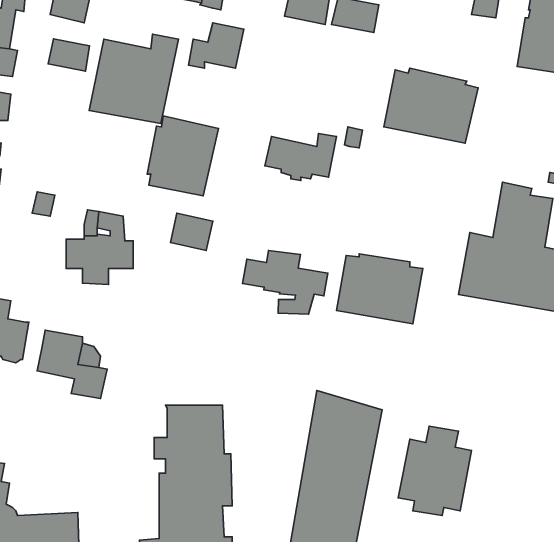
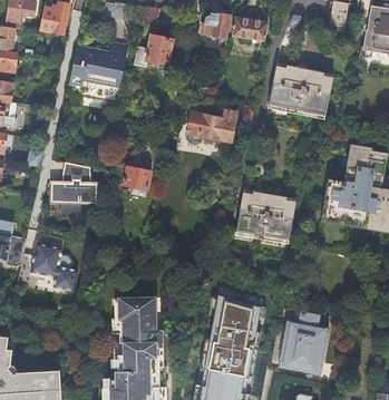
building: [48,39,90,71] -> none
building: [147,116,219,196] -> none
building: [243,251,328,314] -> none

